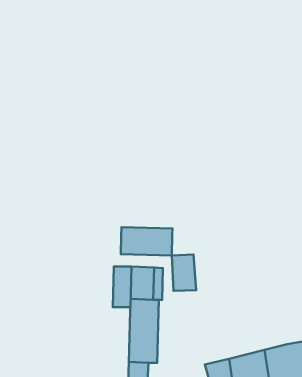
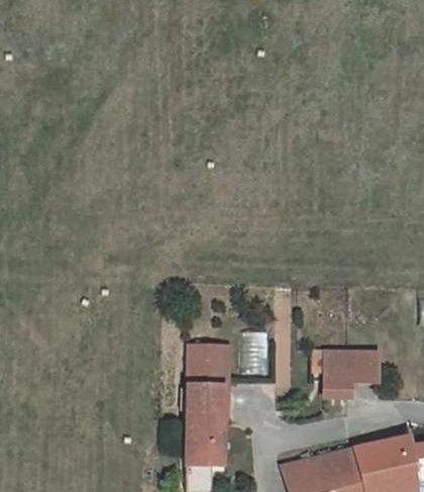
building: [121,227,172,255] -> none
building: [113,266,131,307] -> none
building: none -> [324,353,378,397]

